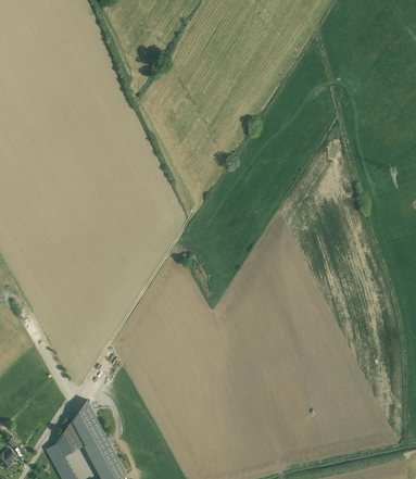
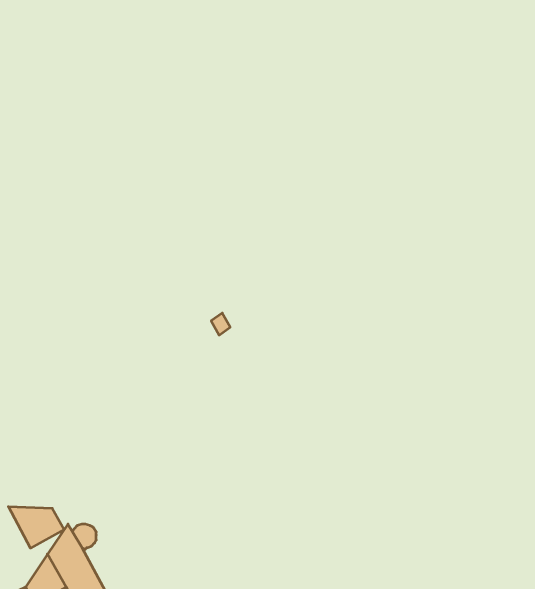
building: none -> [8,507,64,548]

